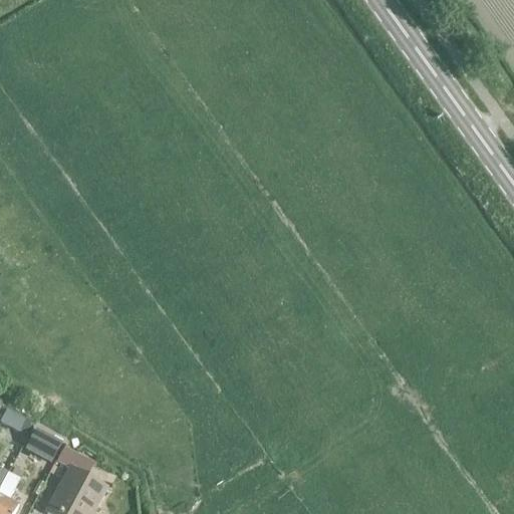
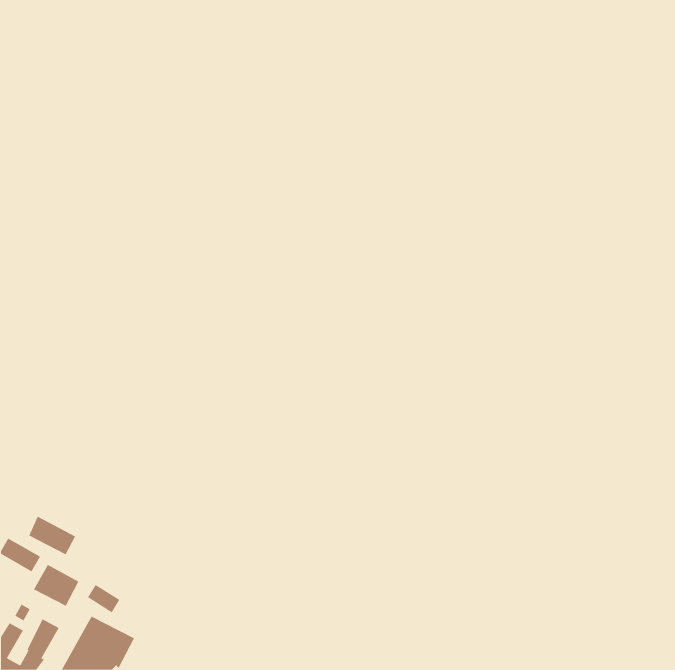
building: none -> [28,516,76,555]

